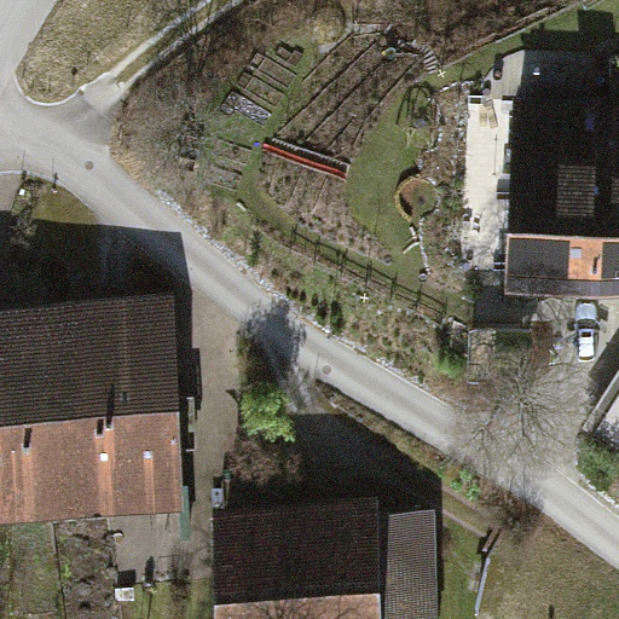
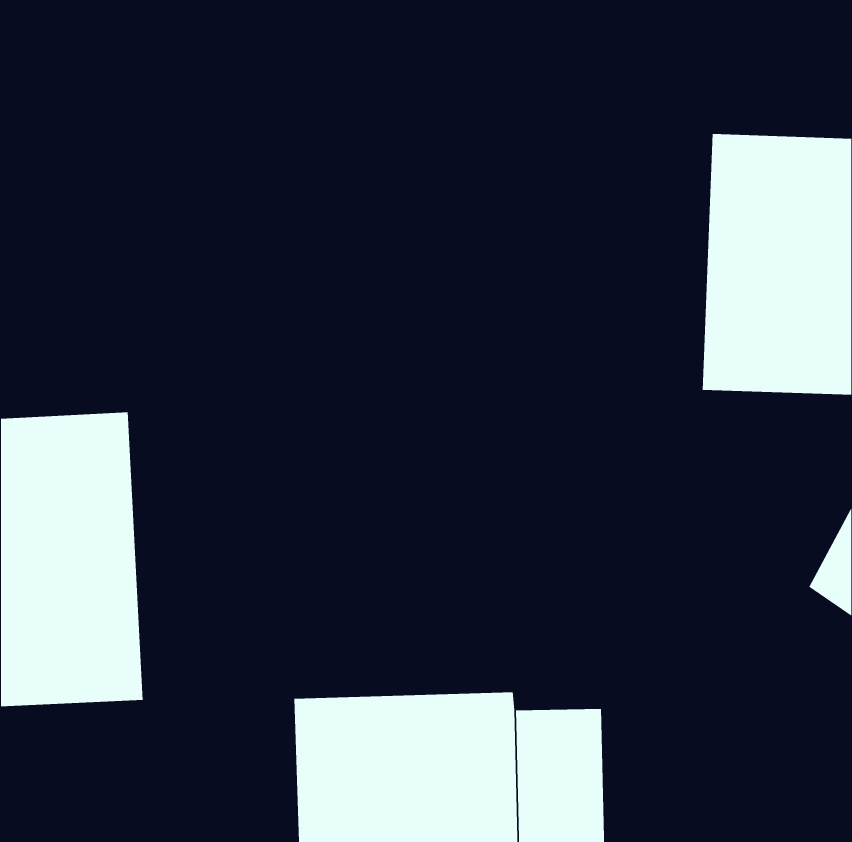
building: [93,302,184,515] -> none

